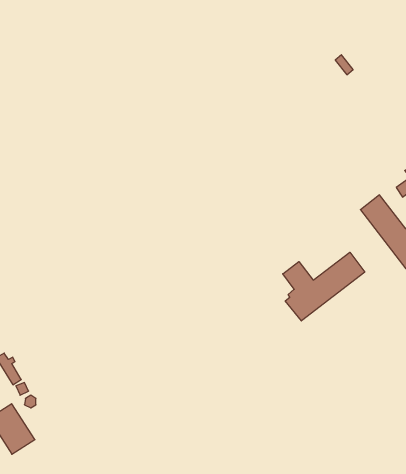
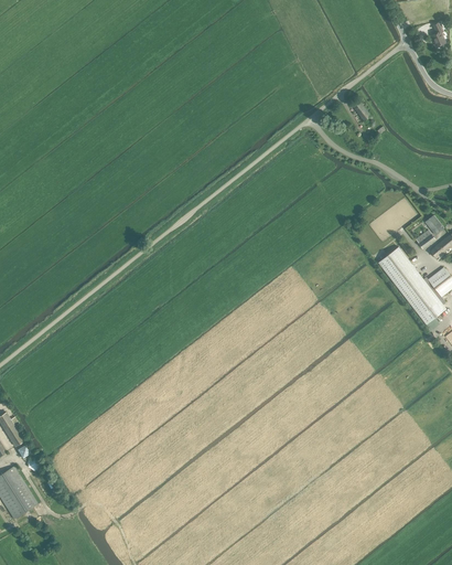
building: [283,252,365,321] -> none

